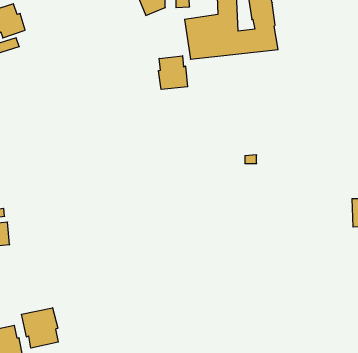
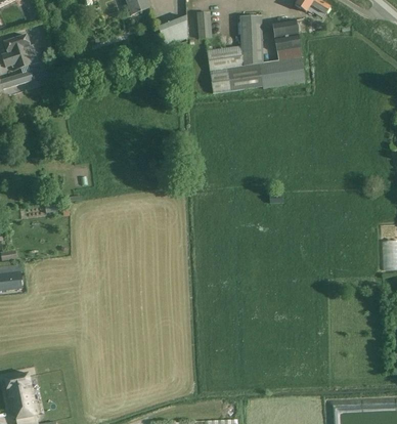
building: [158,56,188,89] -> none
building: [22,308,58,348] -> none

